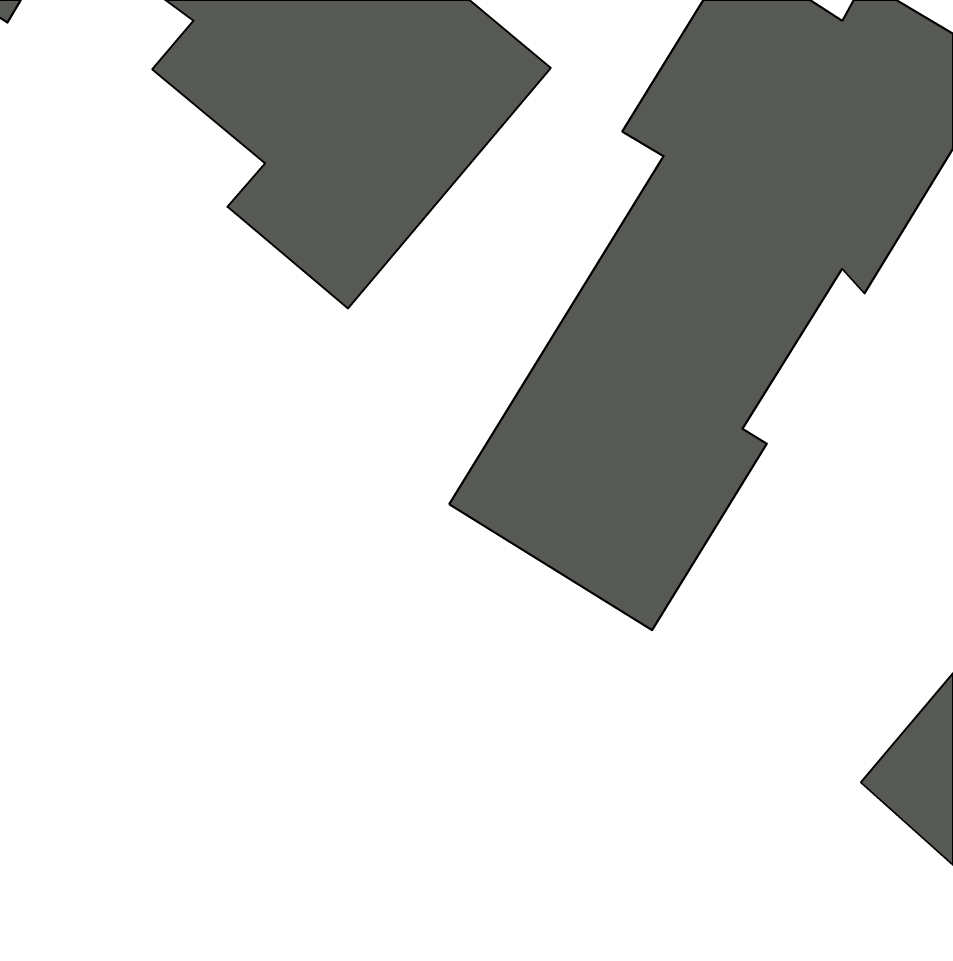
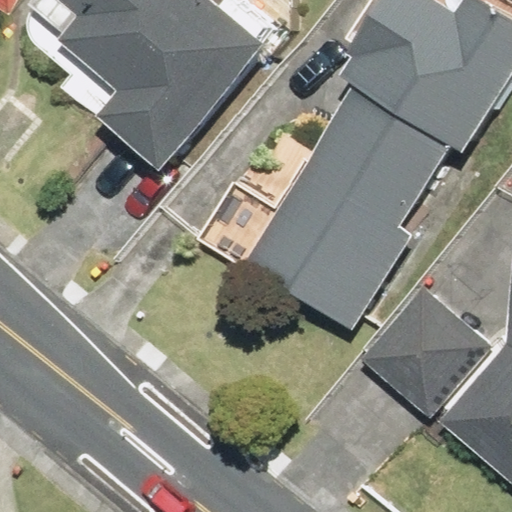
building: none -> [361,285,494,418]

